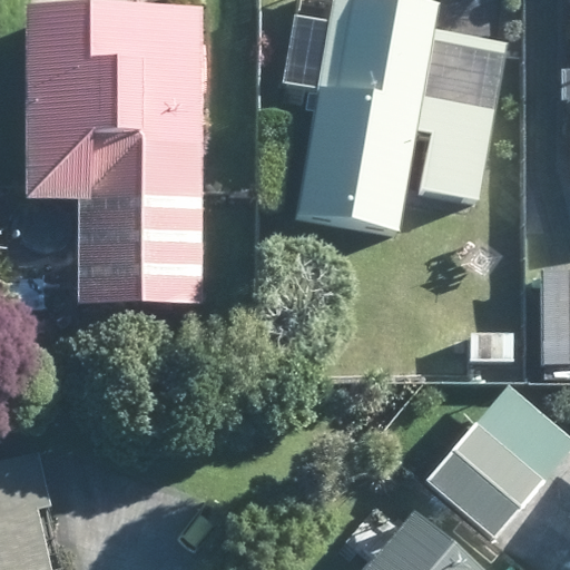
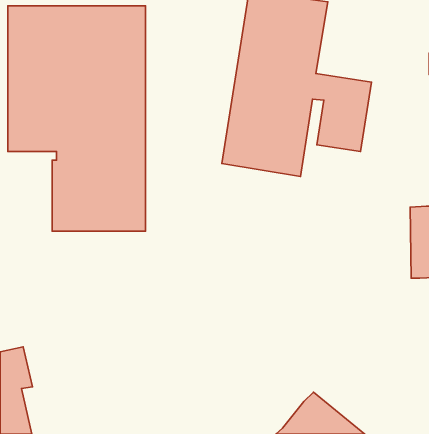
building: [429,420,546,535] -> none

